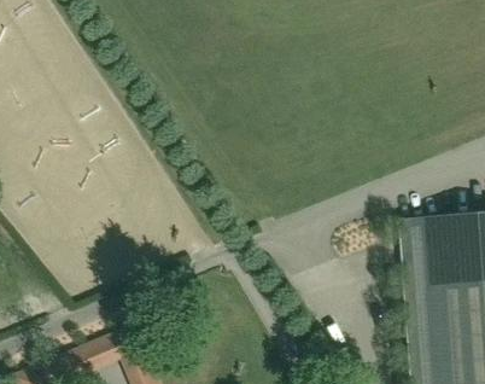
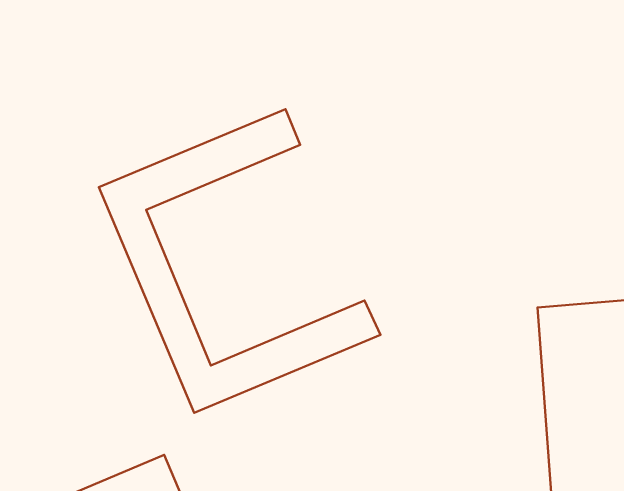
building: none -> [99,109,381,413]

